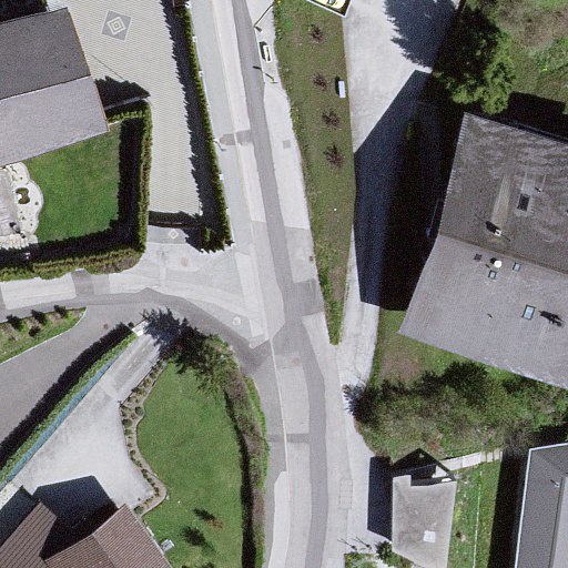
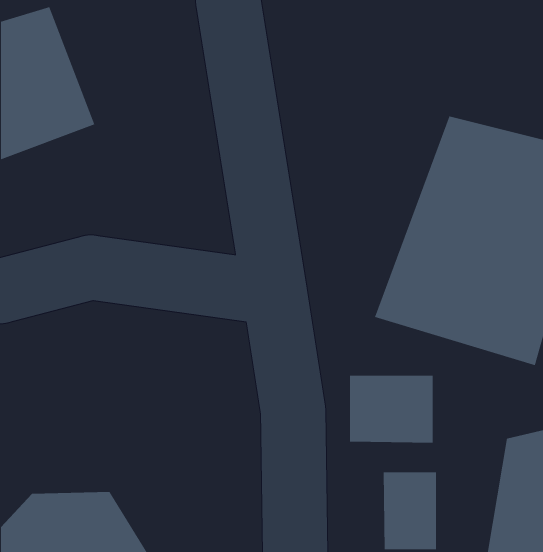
building: none -> [350,375,433,443]

